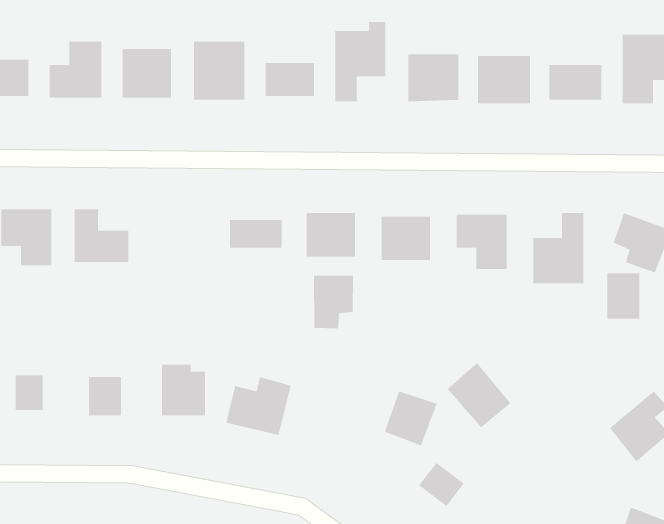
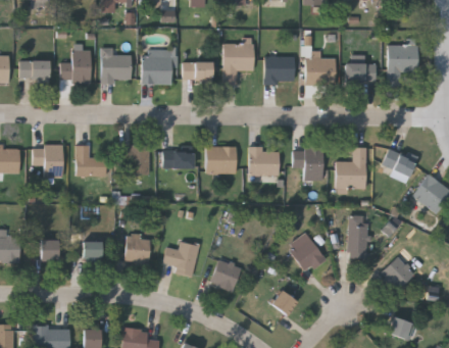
building: none -> [119,146,149,172]
building: [606,273,640,319] -> [348,226,367,252]
building: [314,275,353,329] -> none
building: [384,391,438,446] -> [210,259,241,291]

